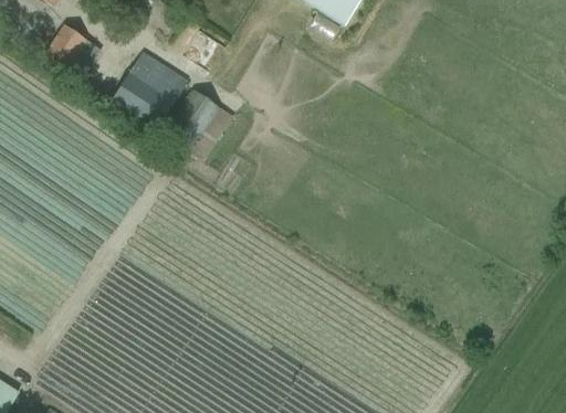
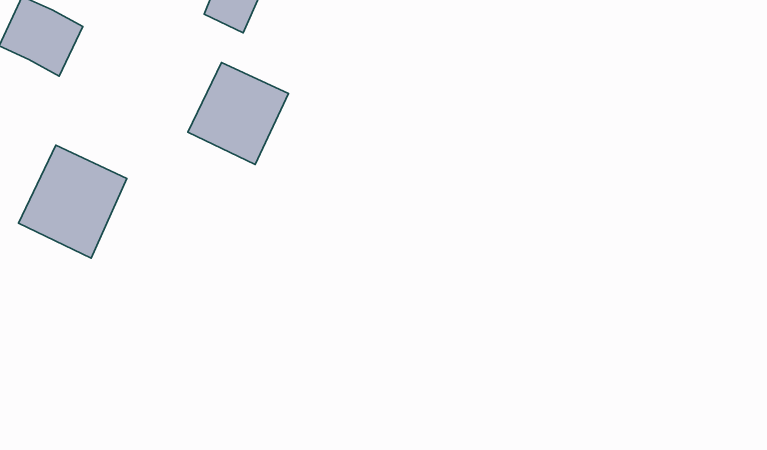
building: [109,50,187,129] -> [19,145,127,258]

